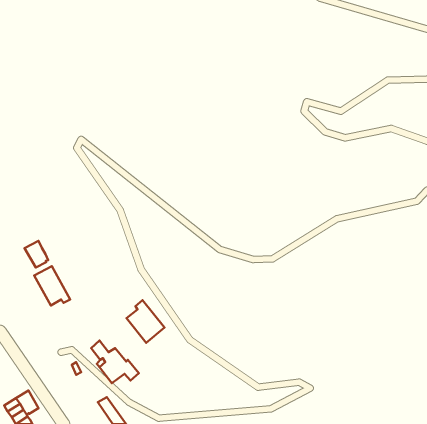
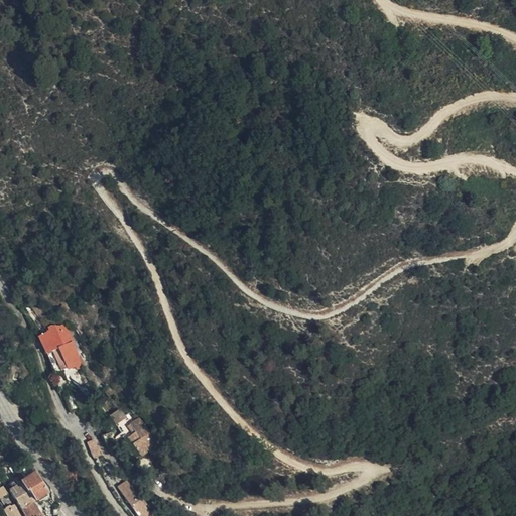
building: [25,241,48,267] -> none
building: [126,300,165,343] -> none

